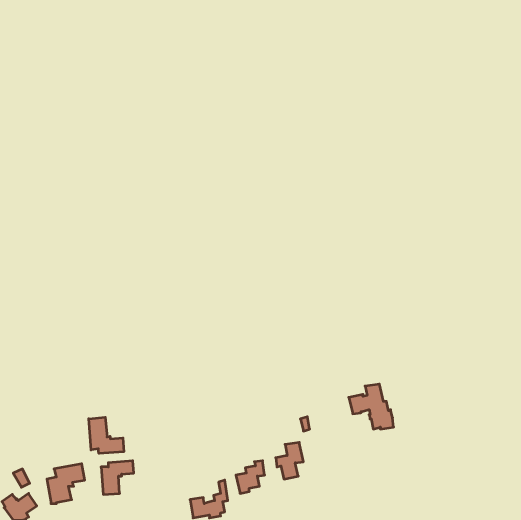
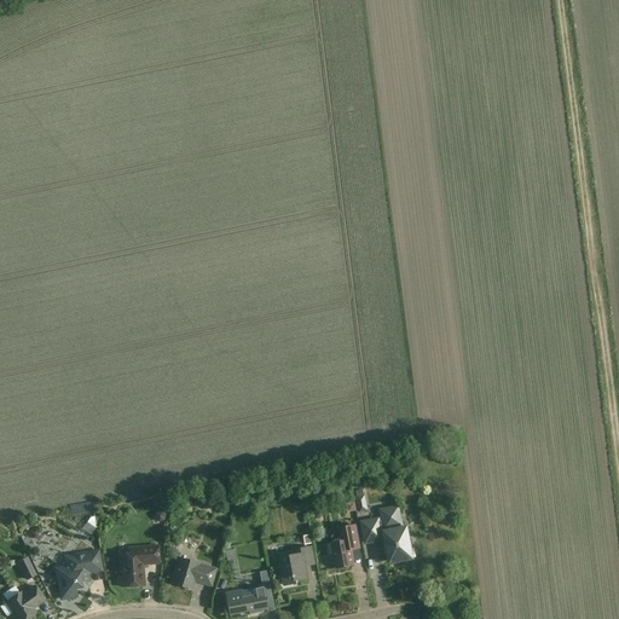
building: [349,384,394,429] -> [360,505,413,559]
building: [89,417,124,453] -> none
building: none -> [170,555,214,588]

